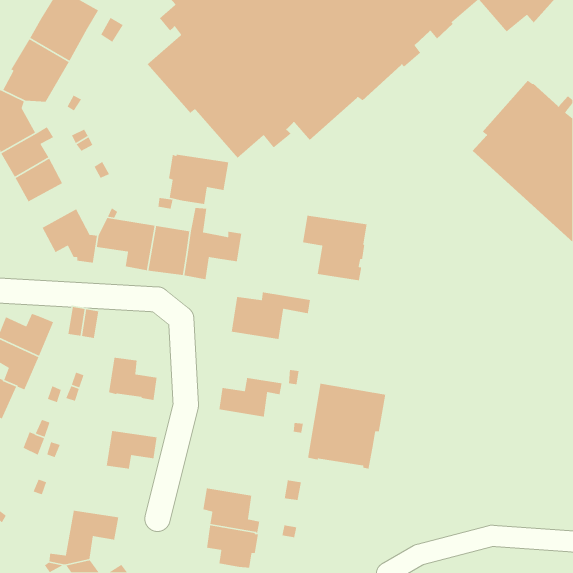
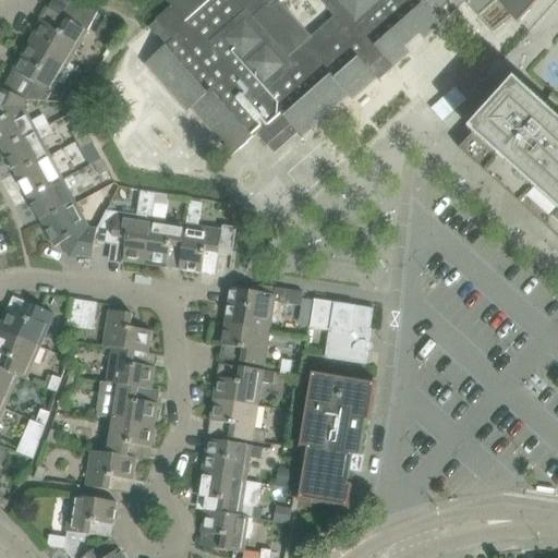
building: [168,154,229,205] -> none
building: none -> [27,178,74,220]
building: [302,215,367,281] -> [308,298,372,362]
building: none -> [101,308,149,351]
building: none -> [220,322,270,364]
building: none -> [95,381,156,423]
building: none -> [208,397,264,441]
building: none -> [199,437,262,480]
building: none -> [296,445,351,506]
building: none -> [84,449,134,488]

